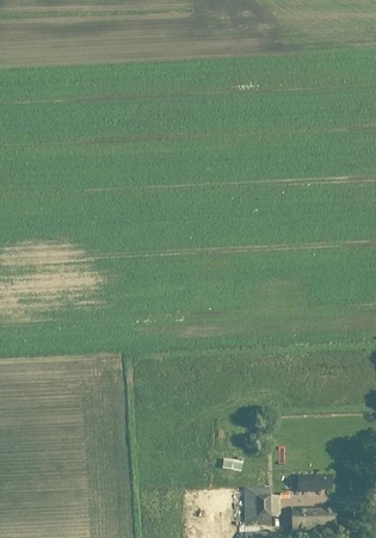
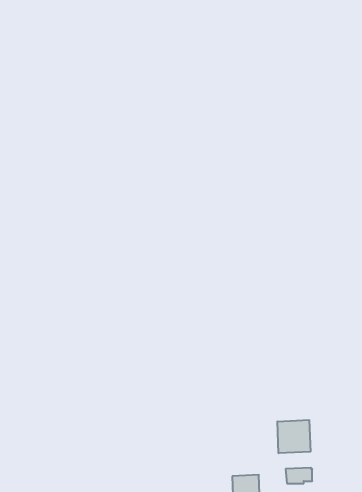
building: none -> [277,420,310,453]

